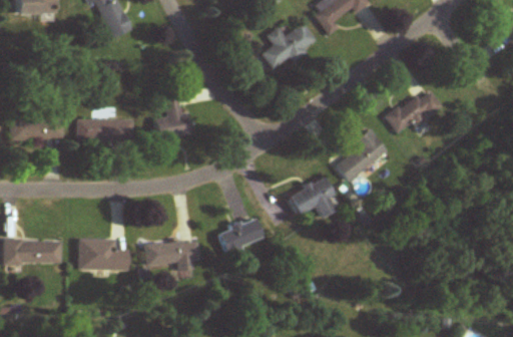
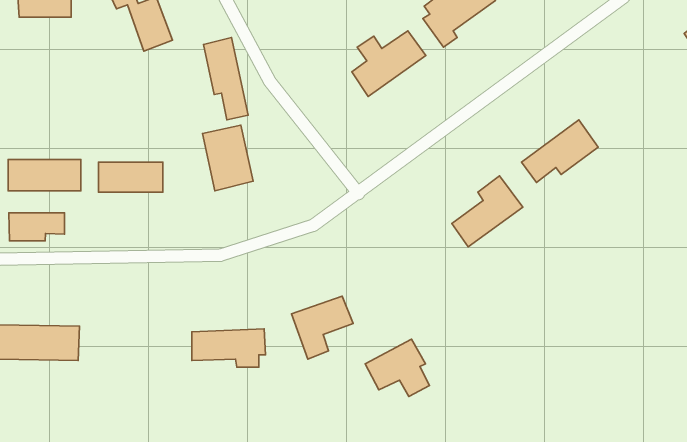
building: none -> [204,37,248,120]
building: none -> [9,213,64,241]
building: [290,177,337,219] -> [365,339,429,397]
building: [78,240,129,270] -> none

